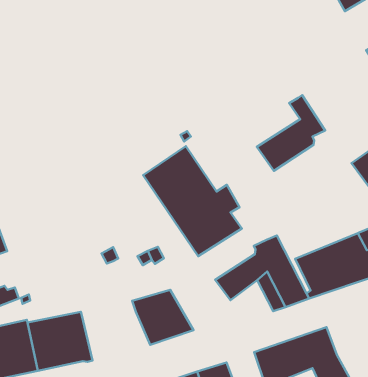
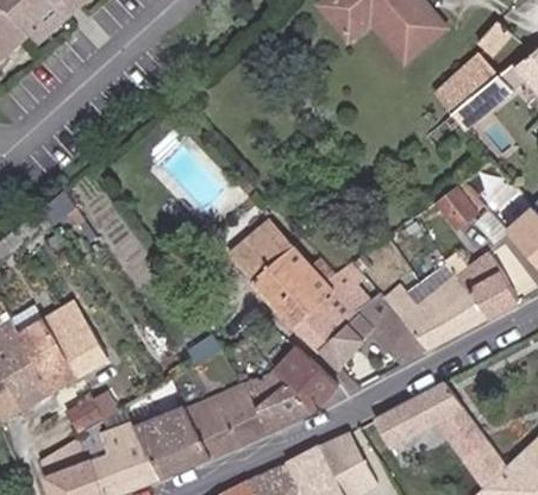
building: [257,95,325,171] -> [300,269,367,351]
building: none -> [277,349,337,409]
building: none -> [192,397,267,455]

